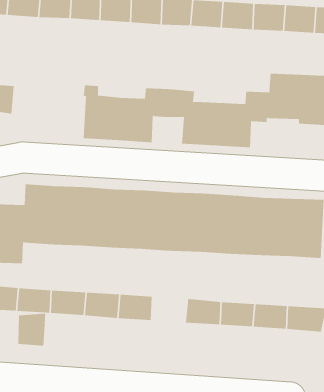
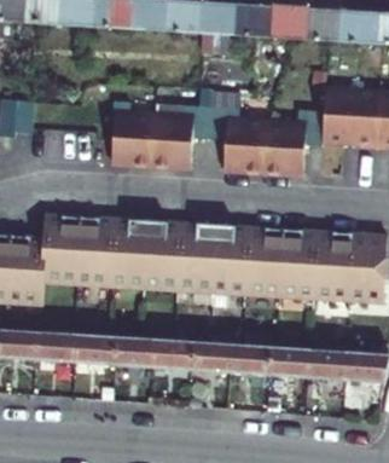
building: none -> [188,343,230,374]
building: [18,313,46,346] -> none

